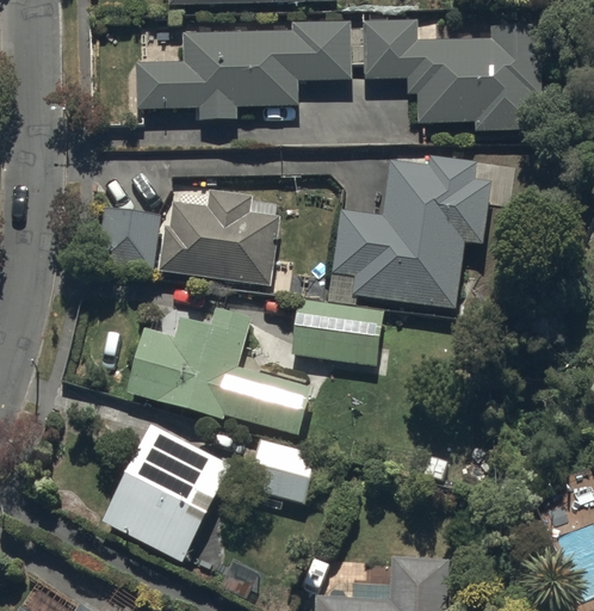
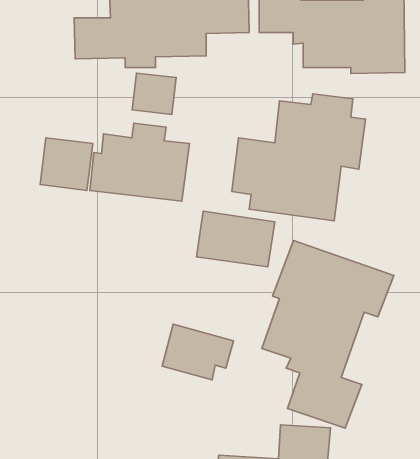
building: none -> [132,73,176,114]
building: [126,309,311,437] -> none
building: none -> [262,240,394,428]
building: [101,425,231,562] -> none

